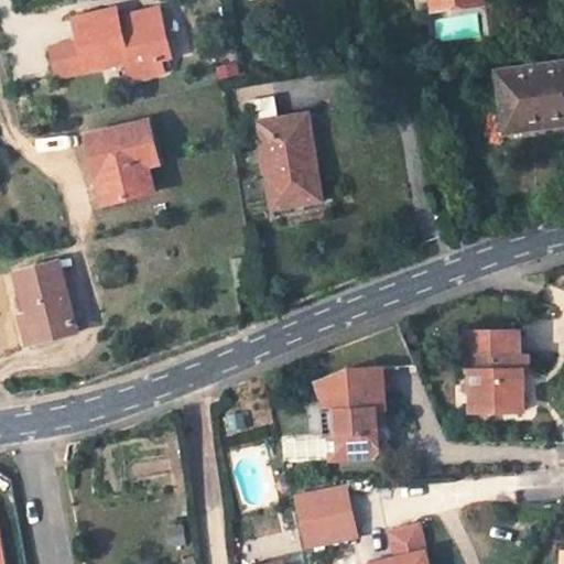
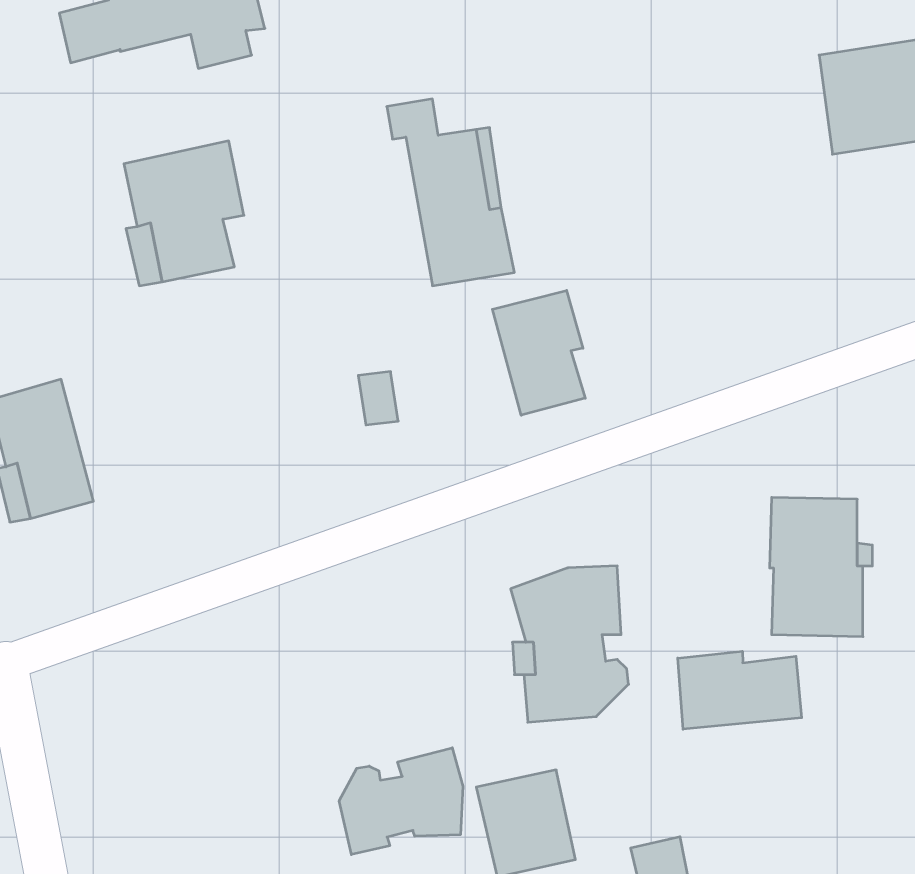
building: none -> [492,290,585,415]
building: none -> [678,651,802,729]
building: none -> [339,748,463,855]

